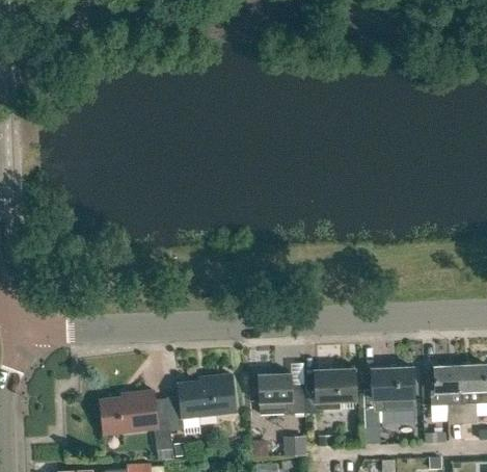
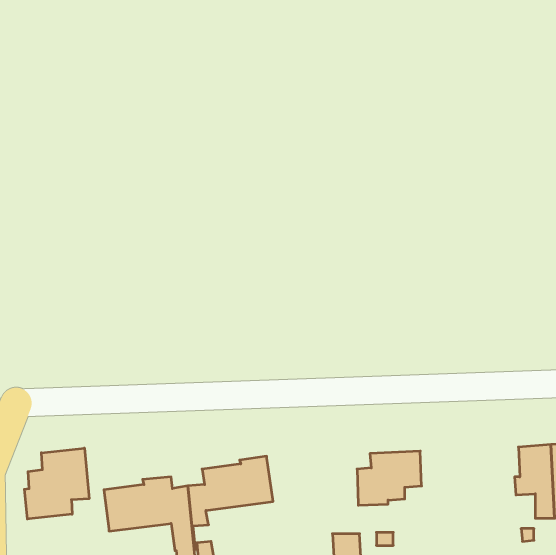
building: none -> [24,448,89,519]
building: [363,367,414,427] -> none
building: [260,371,305,414] -> none

